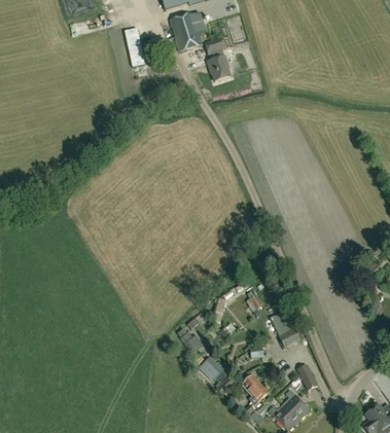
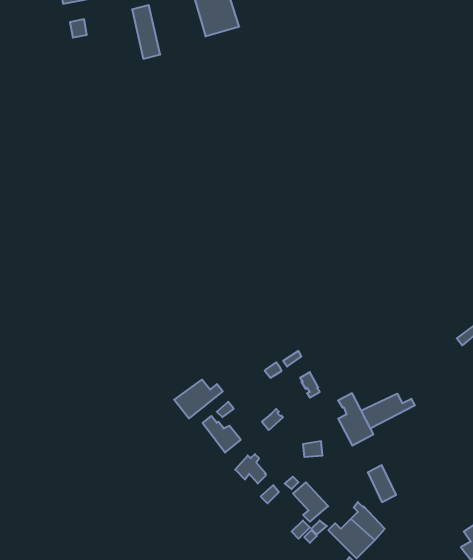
building: [205,37,231,80] -> none
building: none -> [174,380,223,418]
building: none -> [361,394,415,428]

